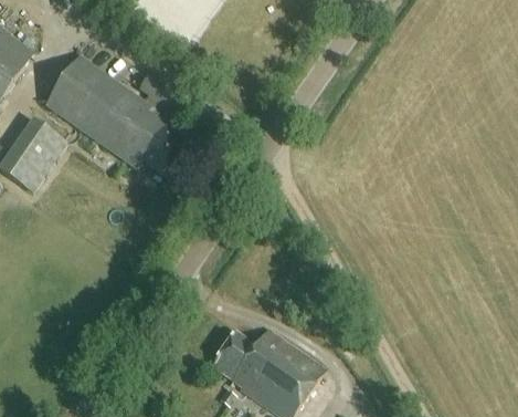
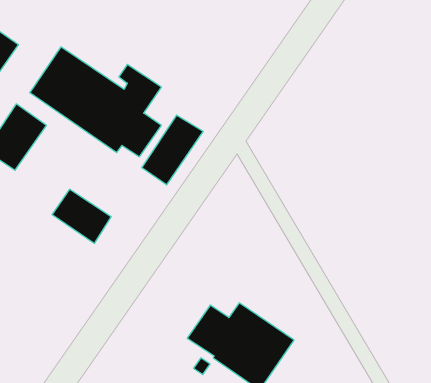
building: none -> [142,115,203,185]
building: none -> [52,189,111,243]

